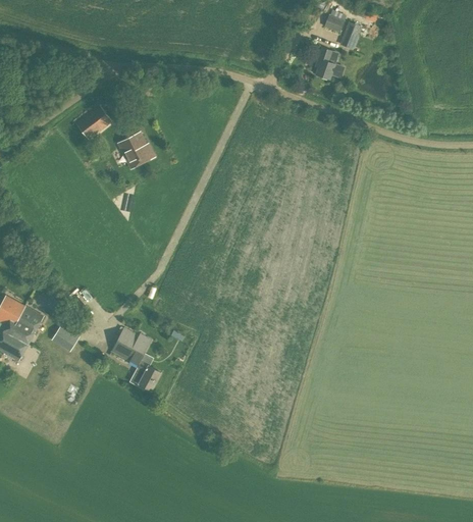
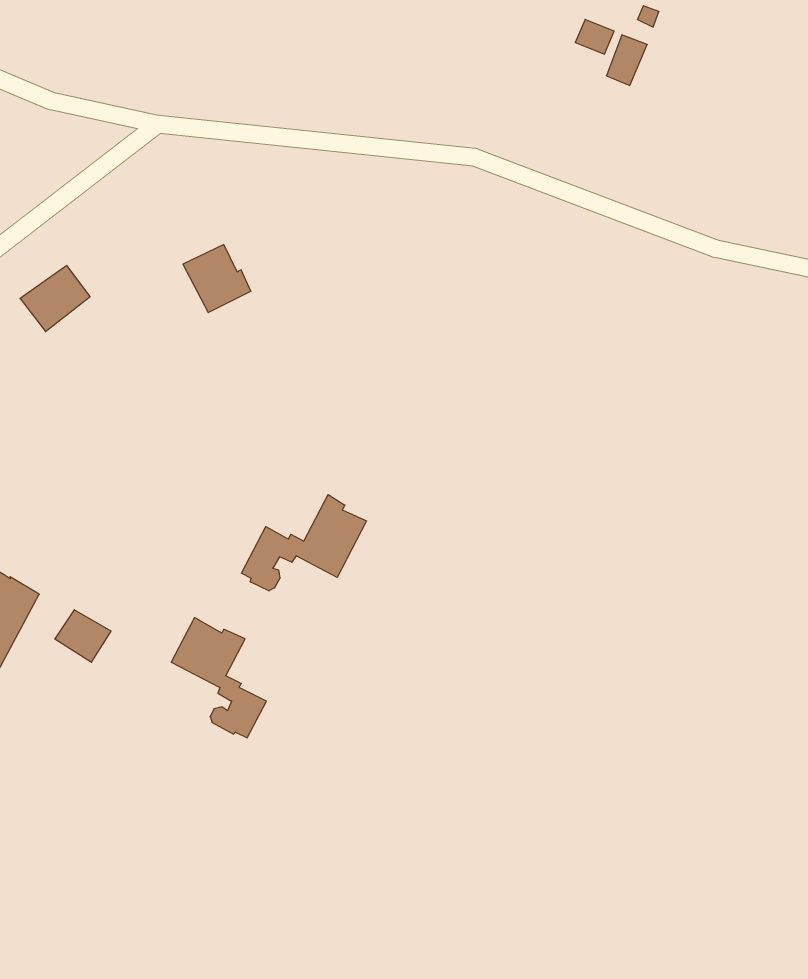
building: [315,47,344,79] -> none
building: [74,104,111,139] -> [20,266,90,332]
building: none -> [242,495,367,591]

